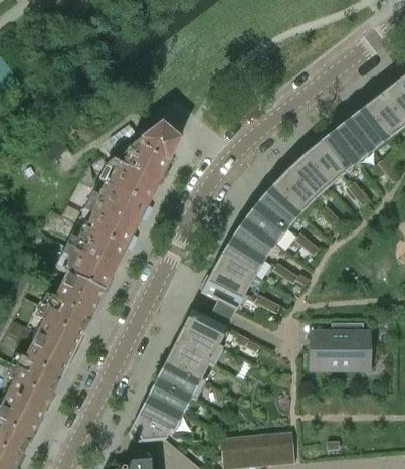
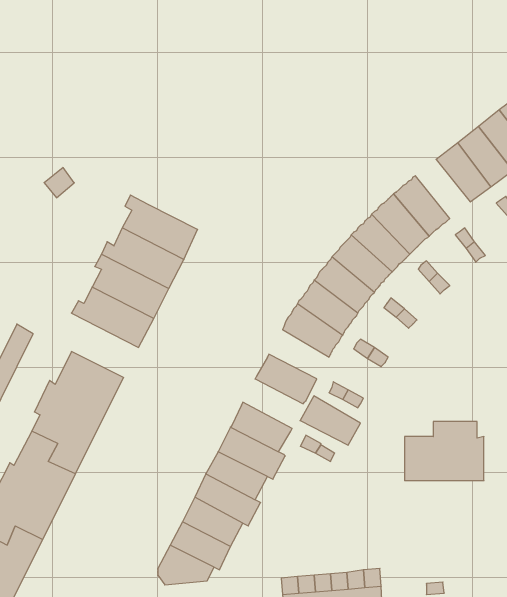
building: [123,123,180,182] -> none
building: [319,131,359,174] -> none
building: [60,244,116,291] -> none
building: [211,256,255,292] -> [300,396,360,445]

